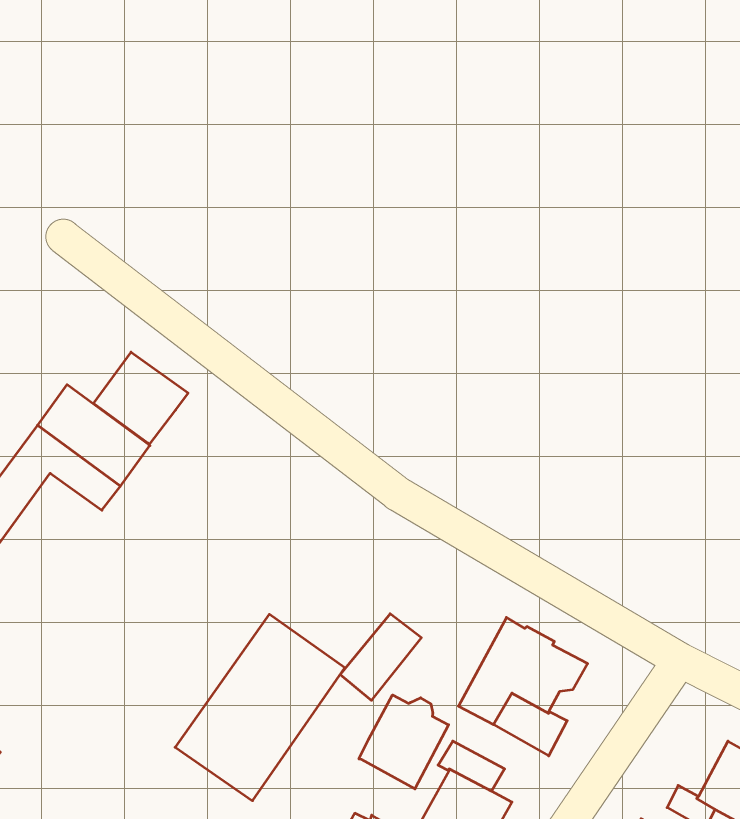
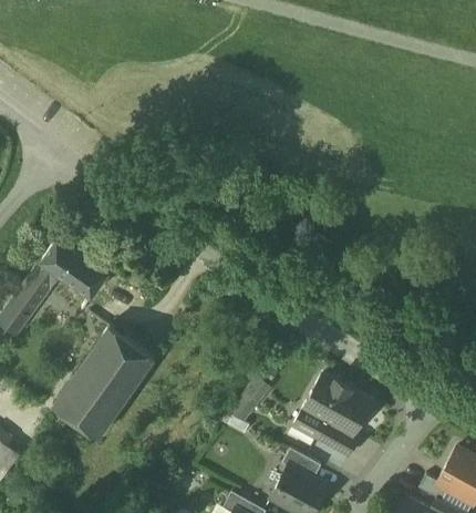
building: [93,352,188,445] -> none
building: [175,614,345,801] -> [52,327,154,439]
building: [359,695,449,789] -> none

